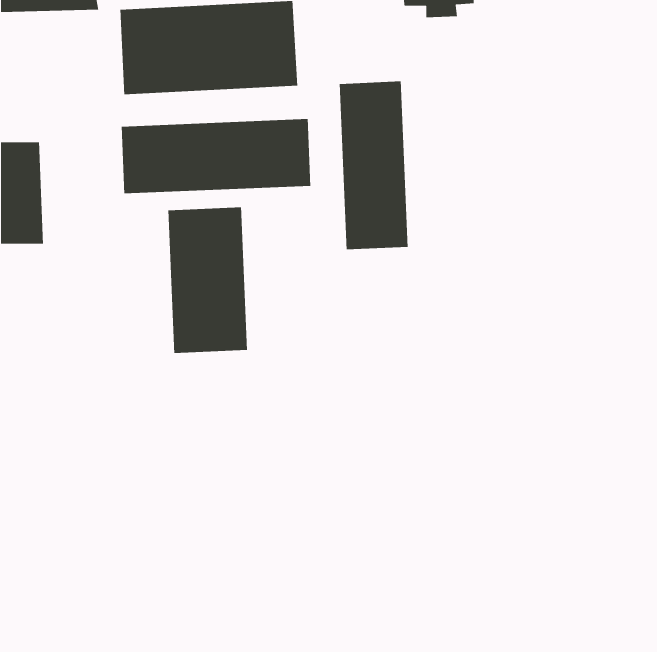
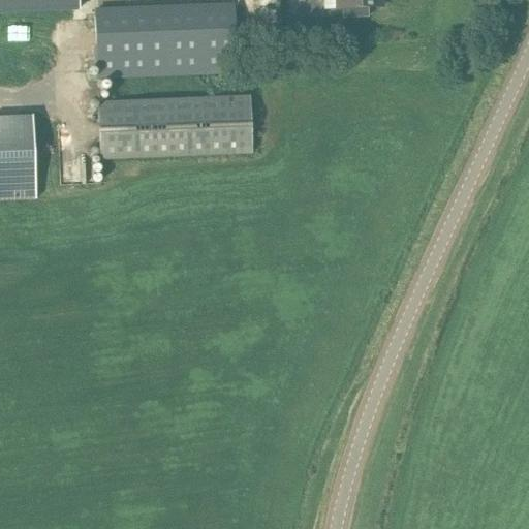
building: [339,81,408,250] -> none
building: [168,207,248,354] -> none

